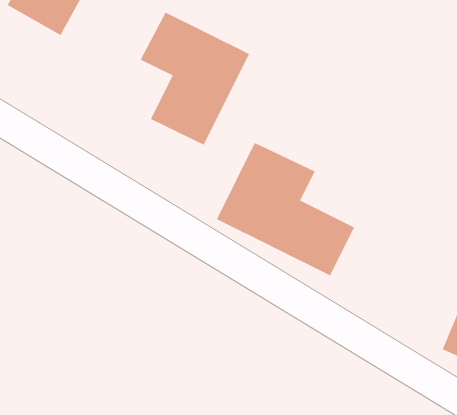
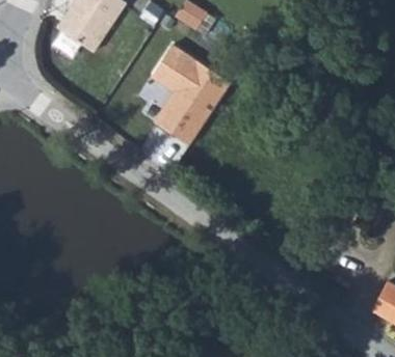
building: [216,142,355,276] -> none

